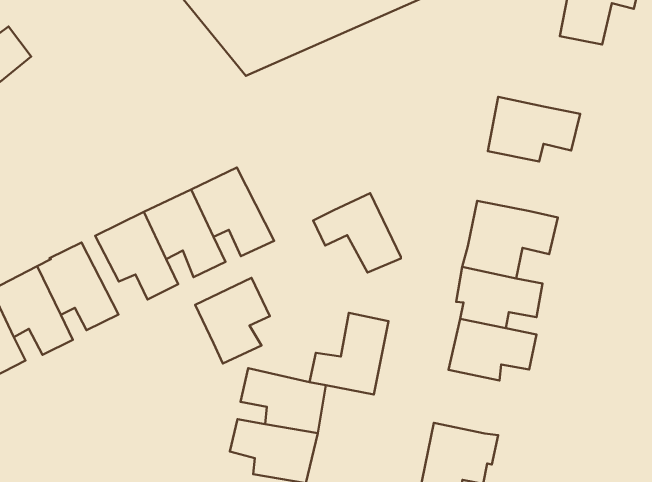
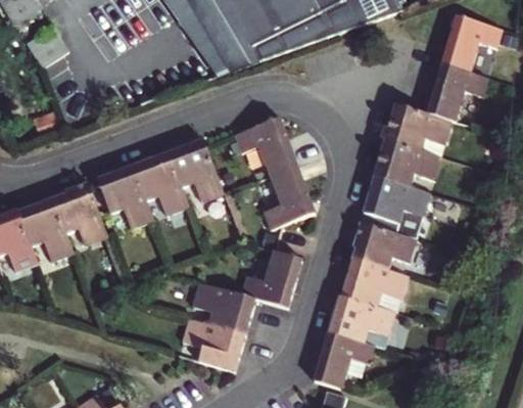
building: none -> [424,63,485,122]
building: none -> [235,118,296,175]
building: none -> [372,141,438,186]
building: [195,278,270,364] -> none
building: none -> [329,293,393,347]

